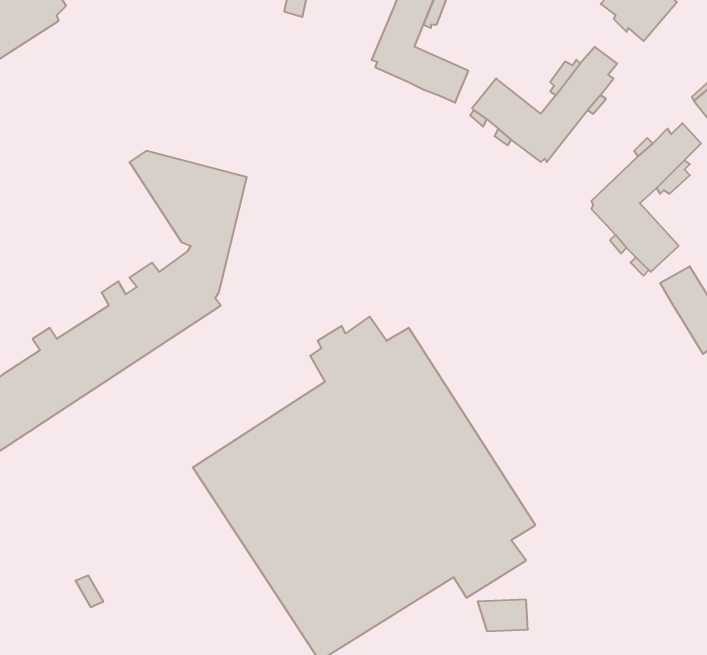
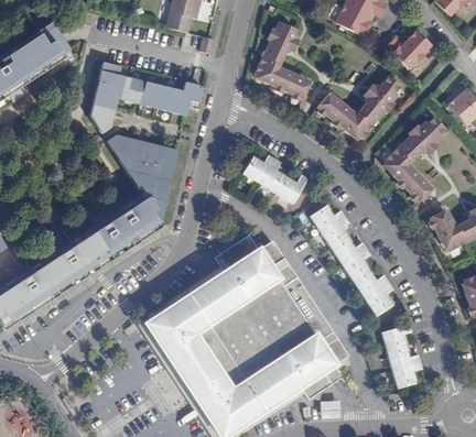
building: none -> [90,62,202,132]
building: none -> [242,153,307,203]
building: none -> [310,204,393,315]
building: none -> [381,323,422,387]

